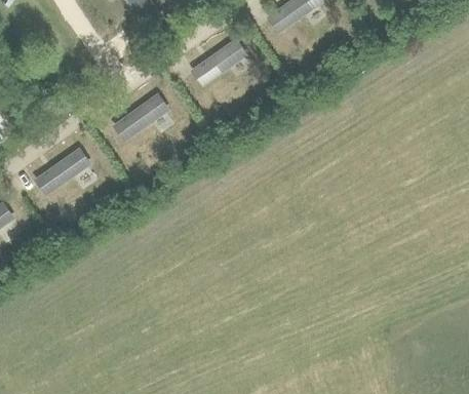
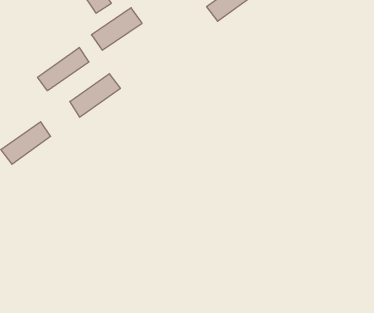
building: [191,38,248,86] -> [91,8,142,50]
building: none -> [38,47,89,91]

